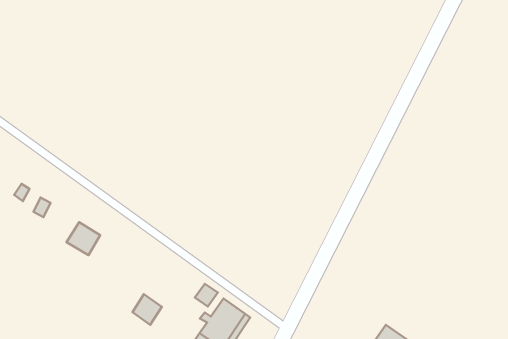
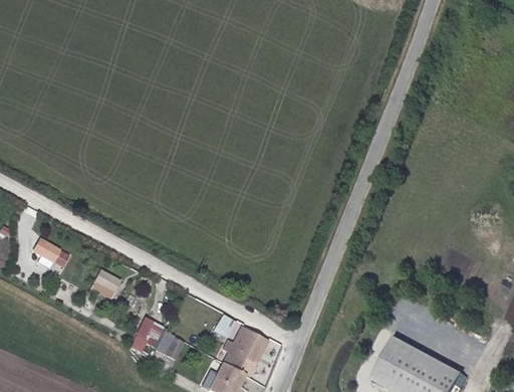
building: none -> [127,318,161,354]

